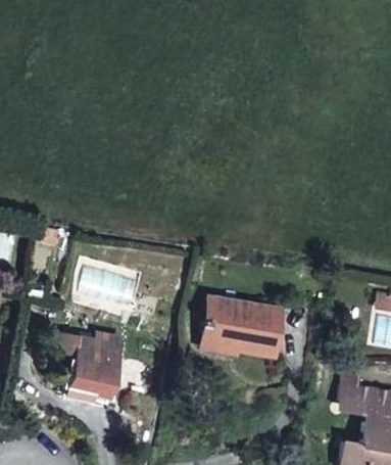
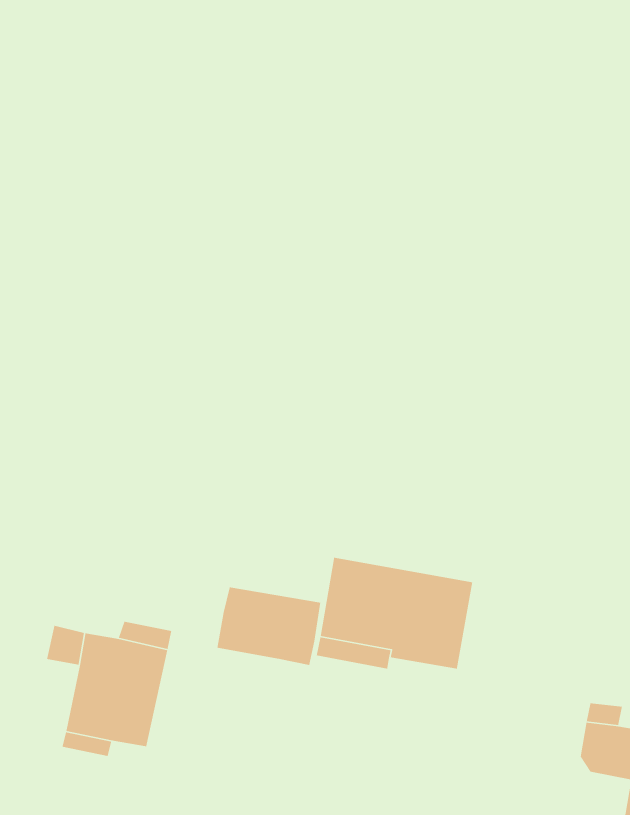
building: none -> [217,586,321,666]

